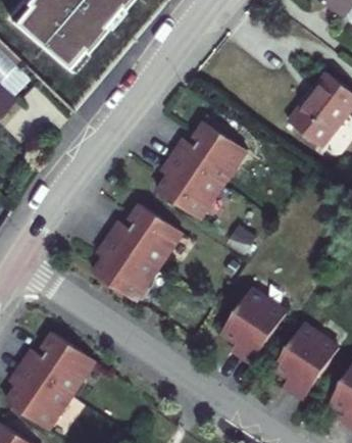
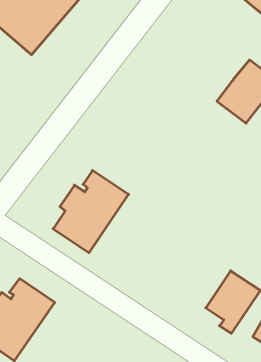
building: [158,121,248,219] -> none
building: [222,289,287,363] -> none

